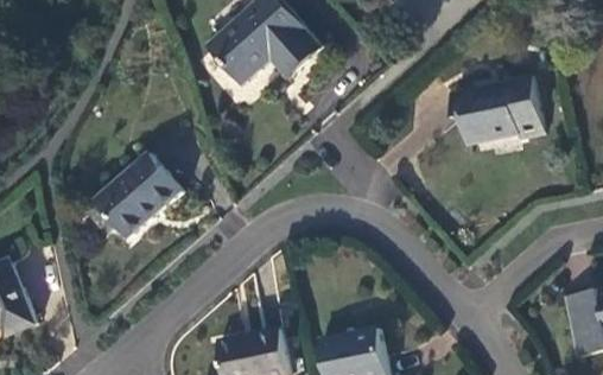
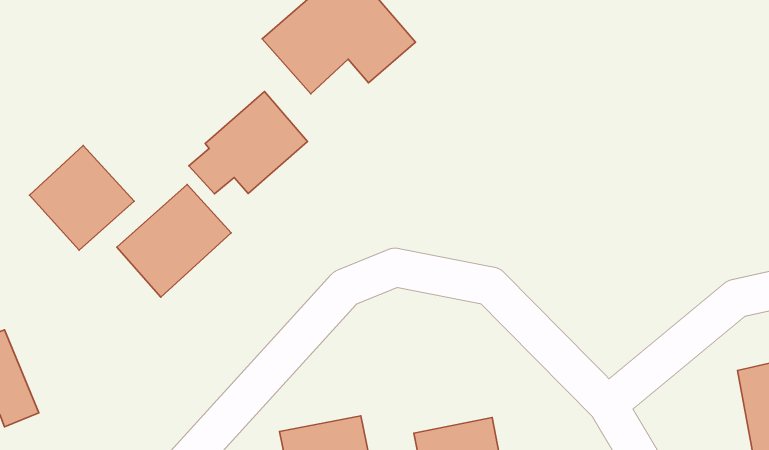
building: [450,75,542,139] -> none
building: none -> [189,91,308,194]
building: none -> [30,146,134,250]

